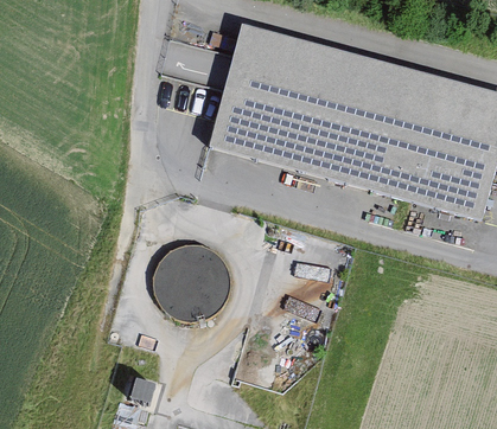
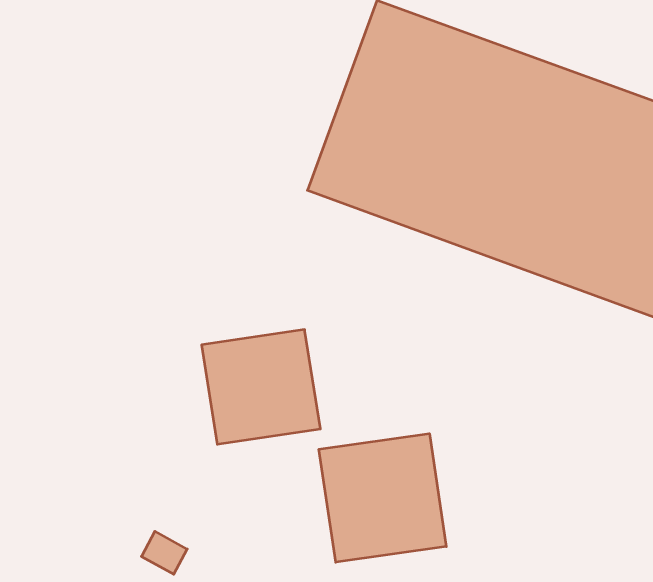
building: none -> [319,434,446,562]

